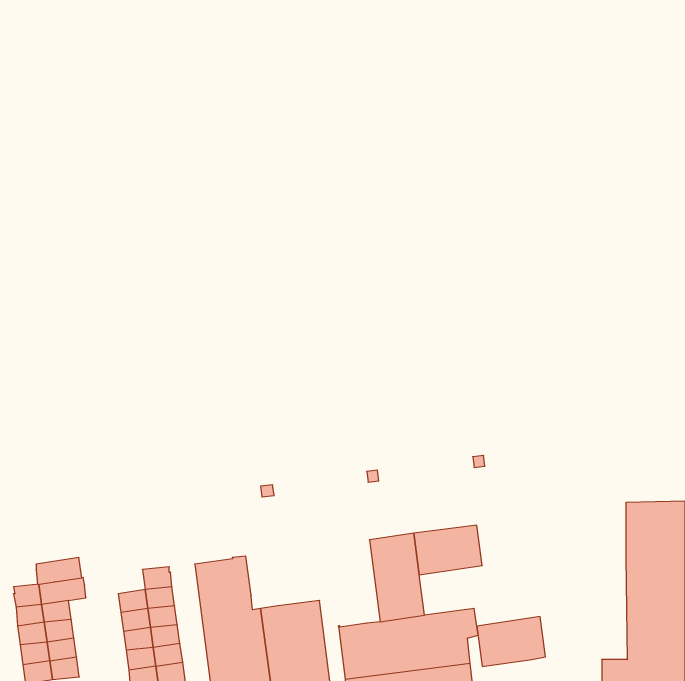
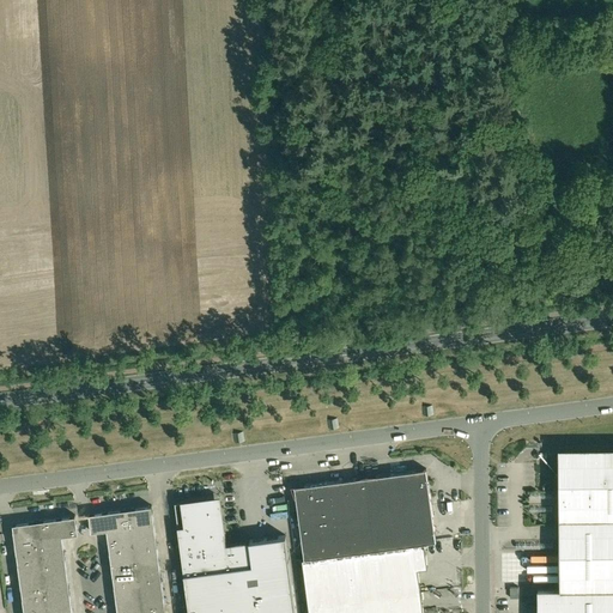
building: none -> [293,486,339,564]
building: [36,558,82,584] -> [89,512,129,536]
building: [477,617,545,666] -> [374,509,435,553]

